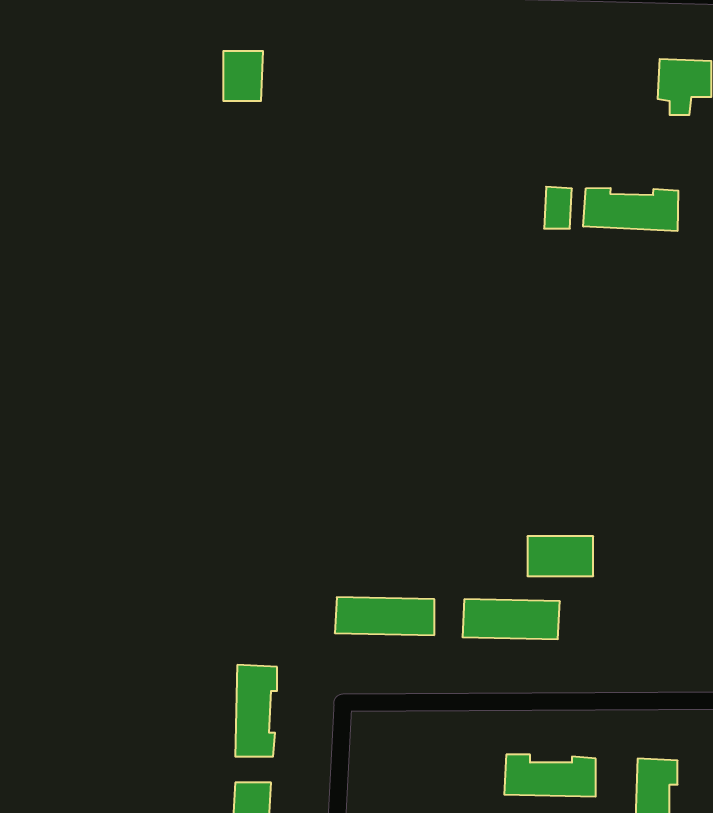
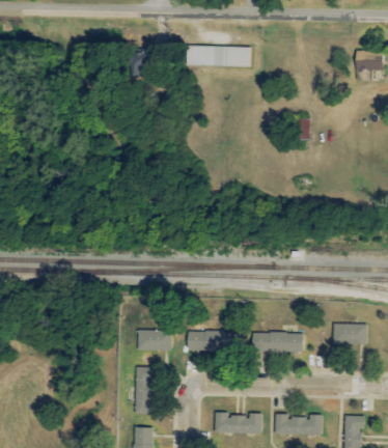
building: none -> [186,45,250,66]
building: [583,188,678,231] -> none
building: [527,536,593,576] -> [333,324,367,344]
building: none -> [138,330,172,351]
building: none -> [216,412,262,433]

